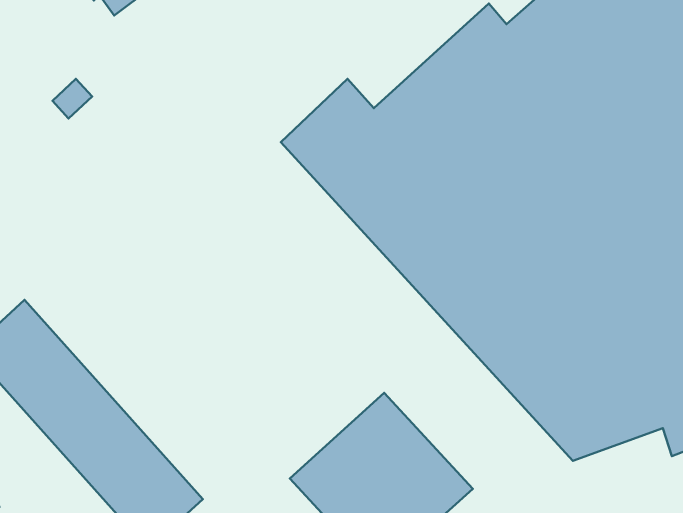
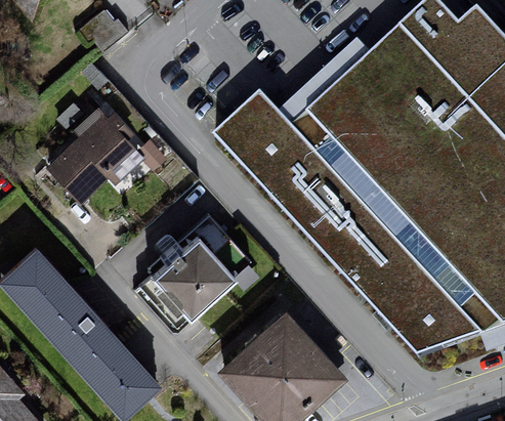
building: none -> [47,112,136,203]
building: none -> [146,215,251,320]

